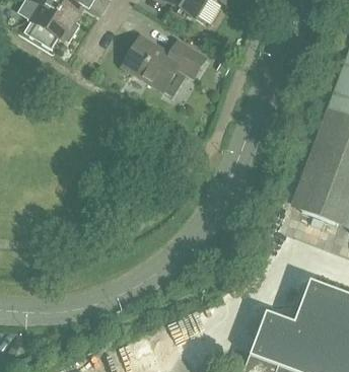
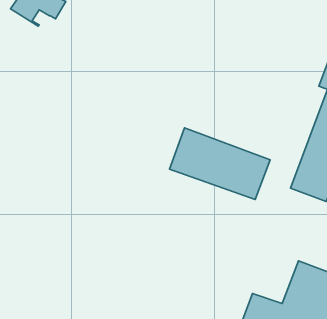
building: [122,35,206,97] -> none
building: none -> [170,128,270,200]

